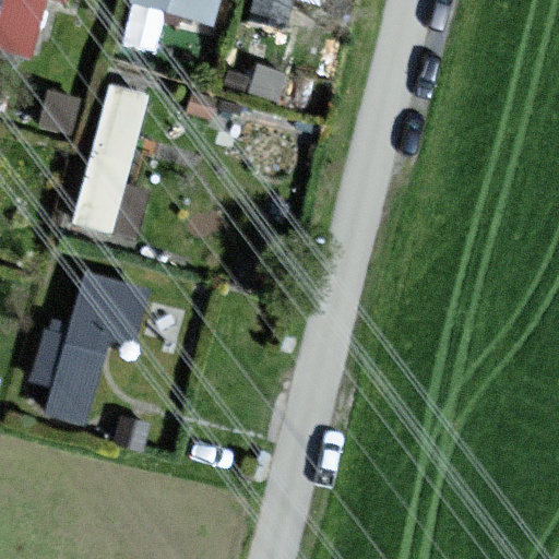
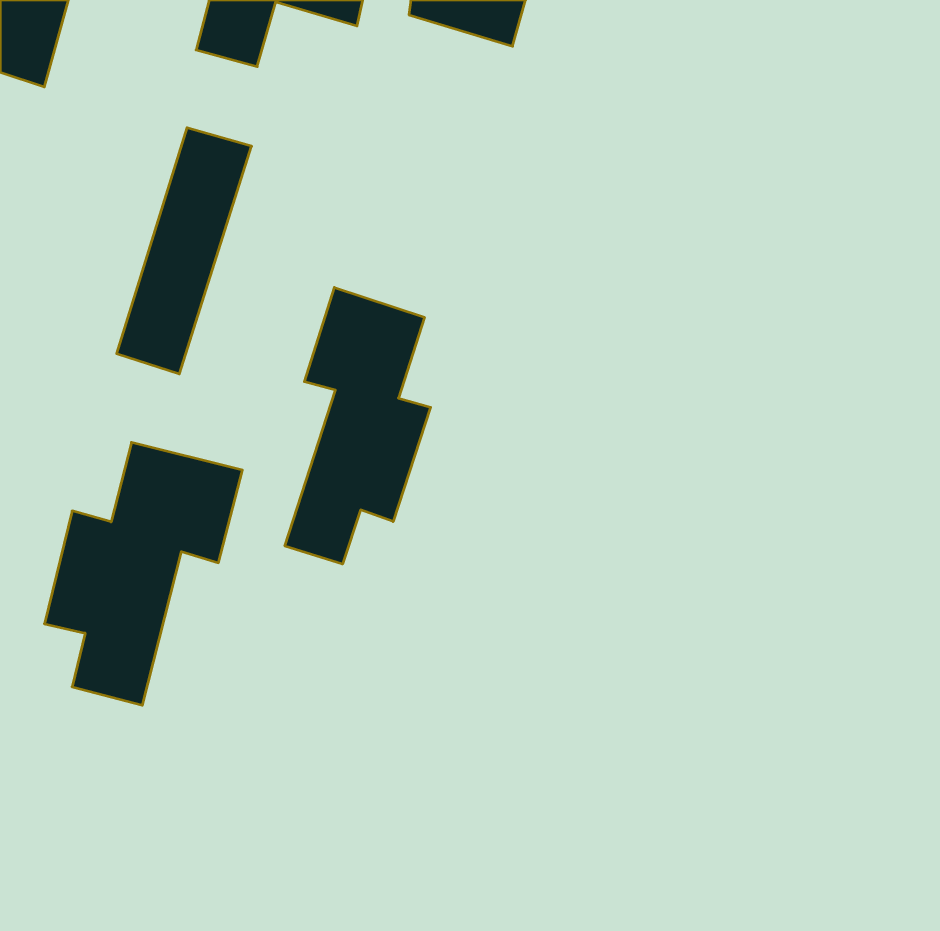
building: none -> [285,287,431,564]

